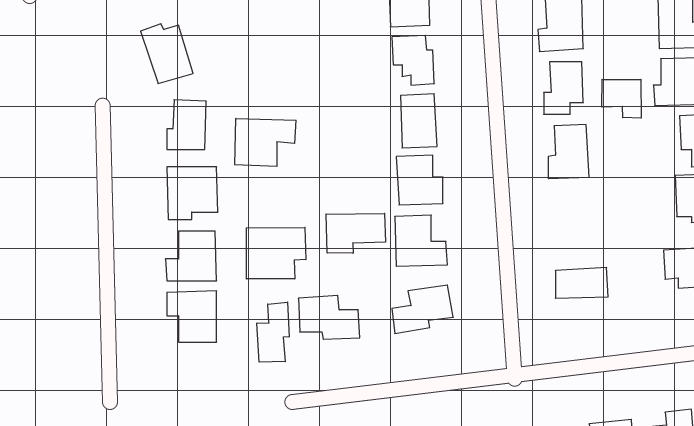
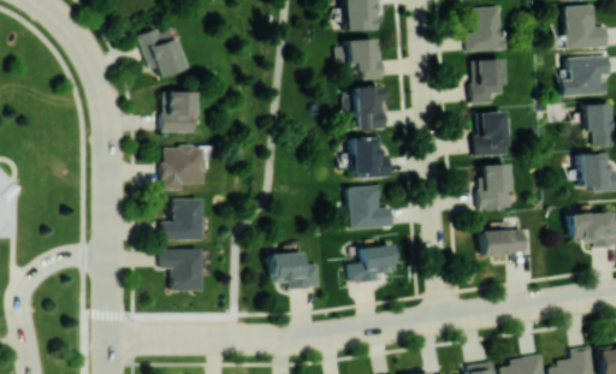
building: [602,79,641,118] -> none
building: [235,118,296,166] -> none
building: none -> [479,165,511,209]
building: [326,213,385,253] -> none
building: [246,227,306,279] -> none
building: [257,302,289,362] -> none

